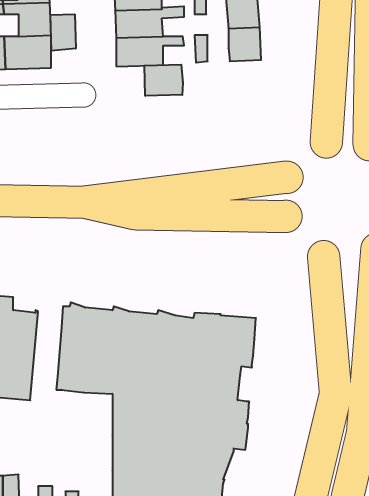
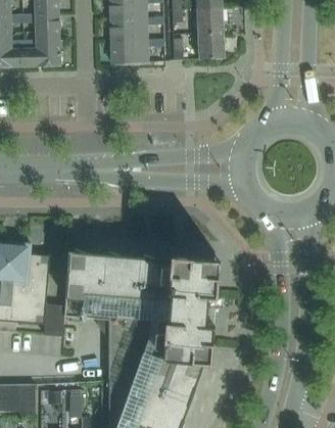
building: [51,14,76,51] -> none
building: [144,65,183,96] -> none
building: none -> [44,304,64,336]

